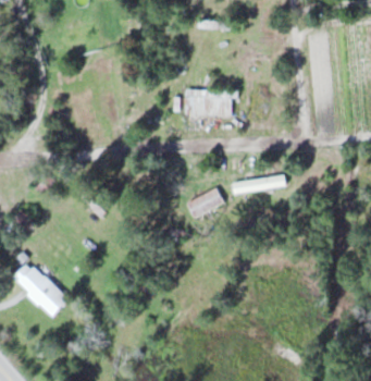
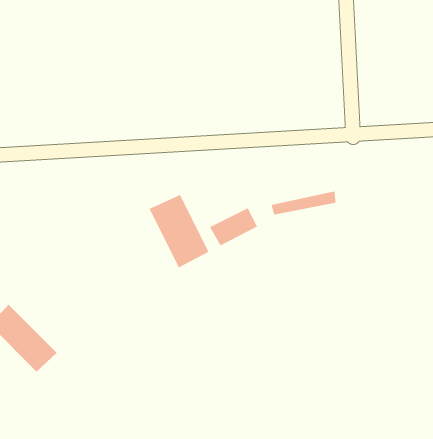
building: [183,90,233,115] -> none
building: none -> [149,194,210,269]

